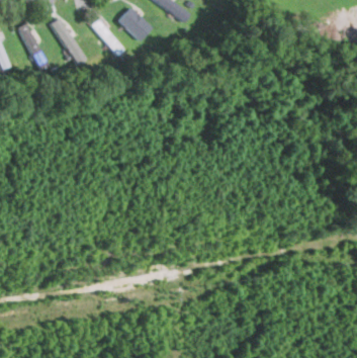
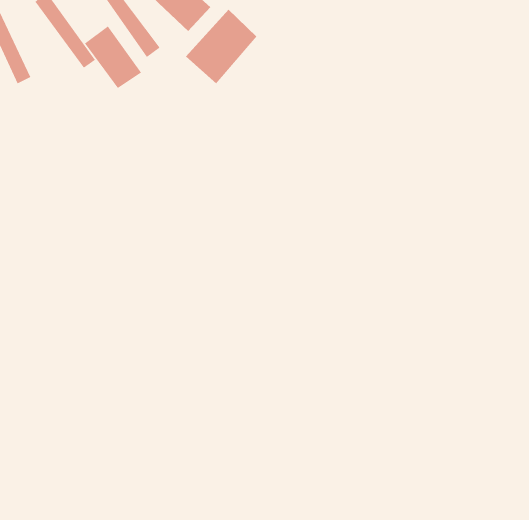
building: none -> [185,9,257,84]
building: none -> [84,26,142,89]

